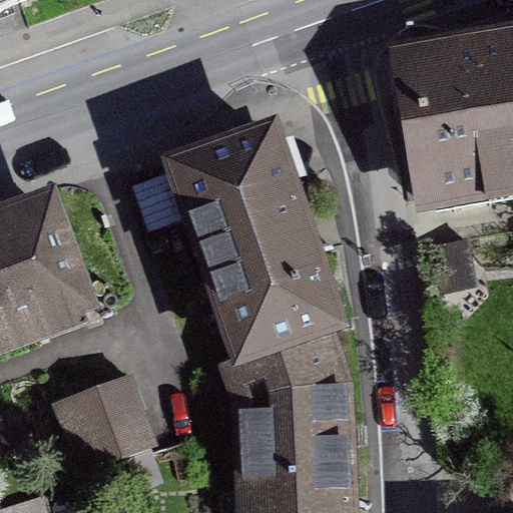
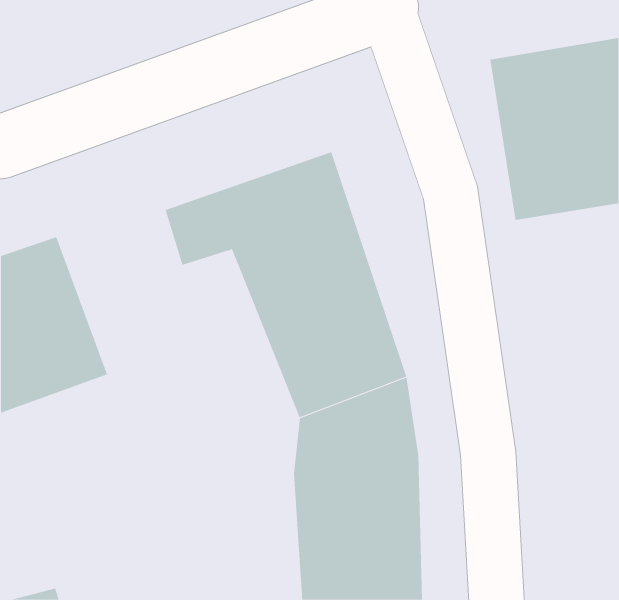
building: [55,373,162,473] -> none

